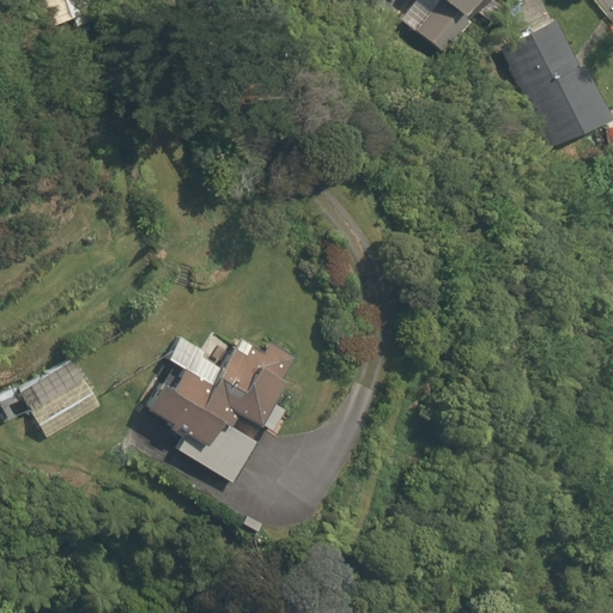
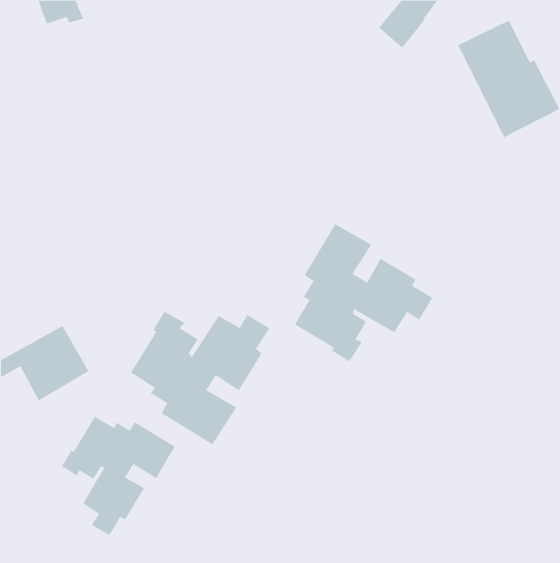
building: none -> [294,224,433,362]
building: none -> [61,416,175,536]

